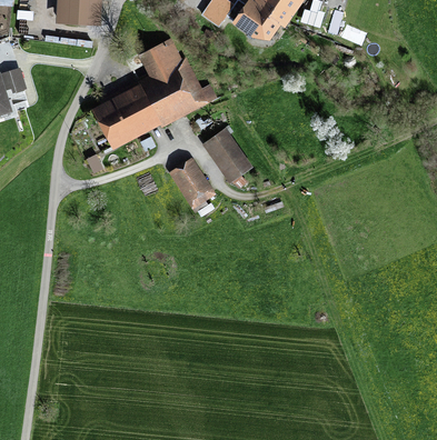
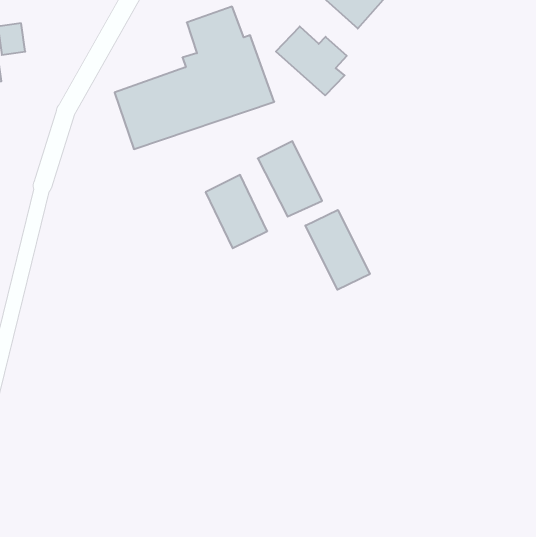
building: none -> [276,26,347,95]
building: none -> [305,210,370,290]

